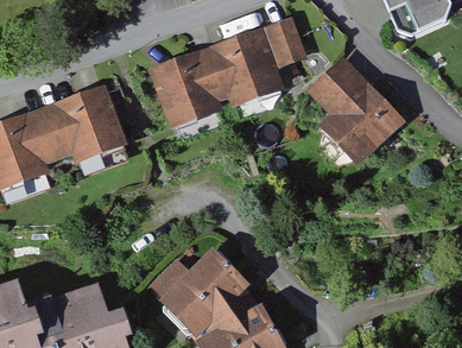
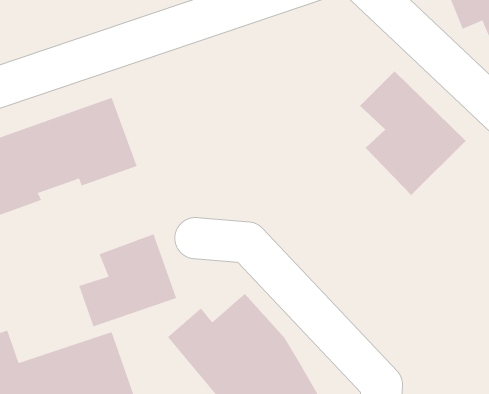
building: [148,20,305,128] -> none
building: none -> [78,233,177,327]

